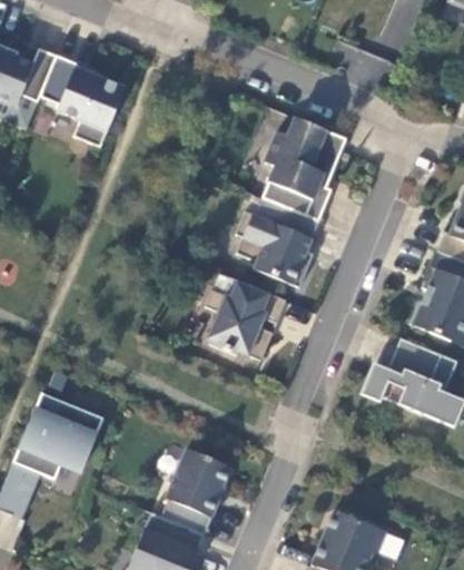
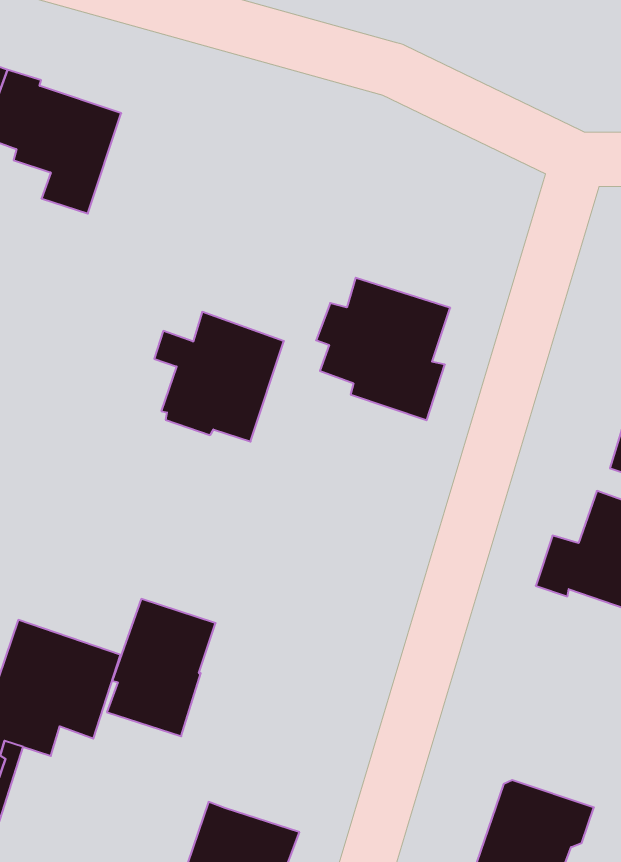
building: [263,120,347,218] -> none
building: [206,278,286,360] -> [154,312,284,442]
building: [161,448,231,533] -> [107,599,216,736]

